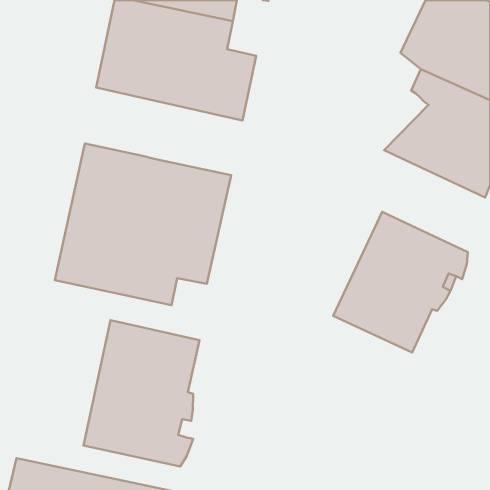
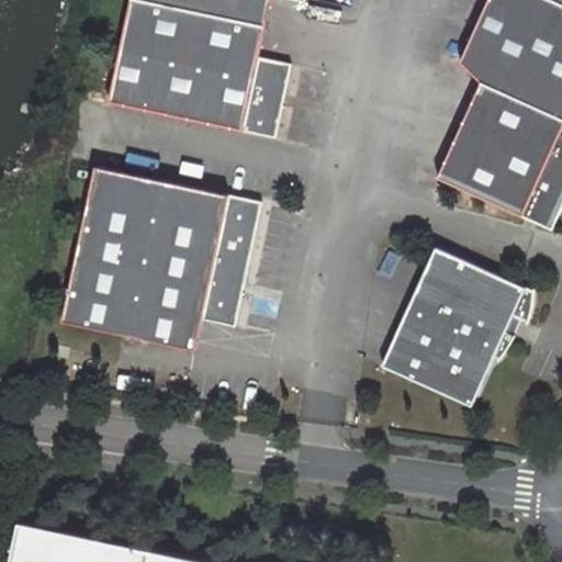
building: none -> [438,105,488,173]
building: [83,320,199,467] -> none

